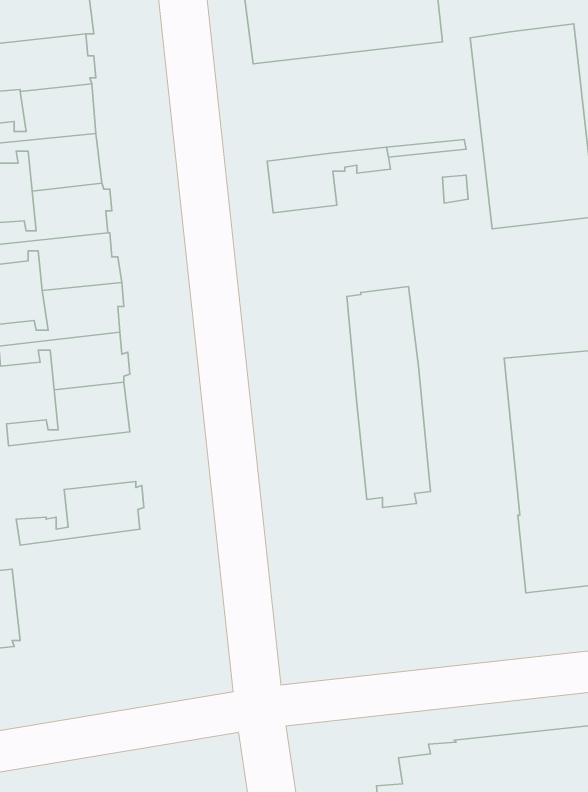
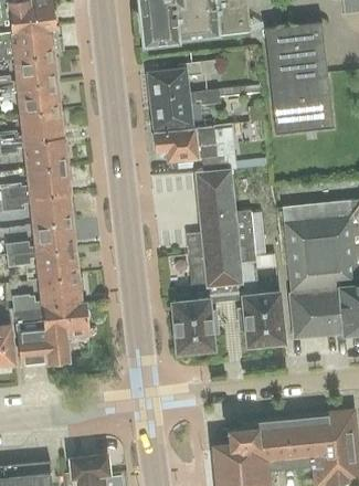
building: none -> [149,62,217,98]
building: none -> [154,126,230,171]
building: none -> [235,211,283,345]
building: none -> [172,233,218,352]
building: none -> [8,249,78,281]
building: none -> [14,303,89,367]

